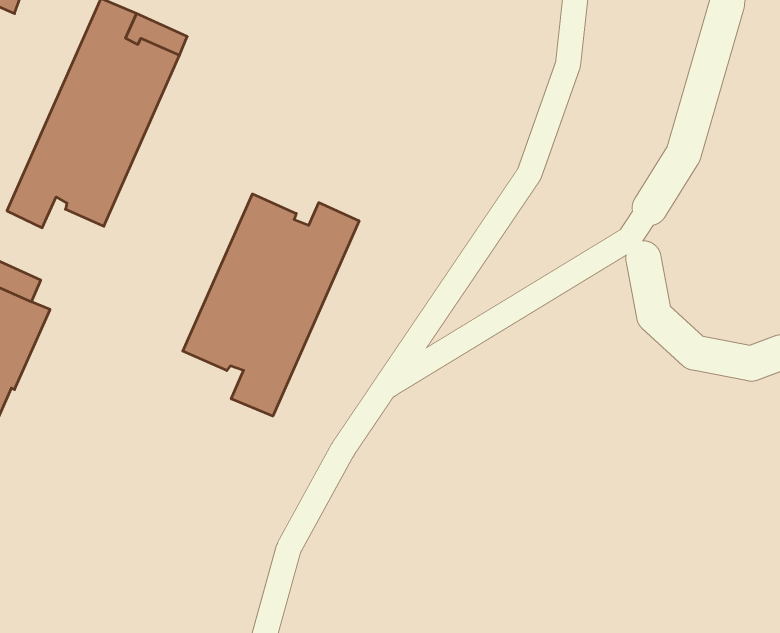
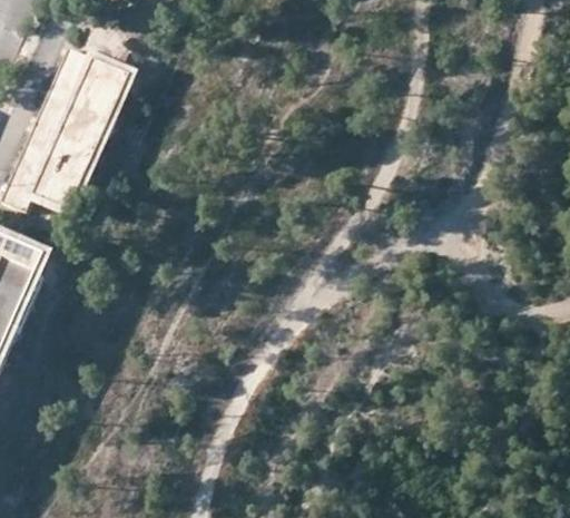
building: [183,194,359,416] -> none

